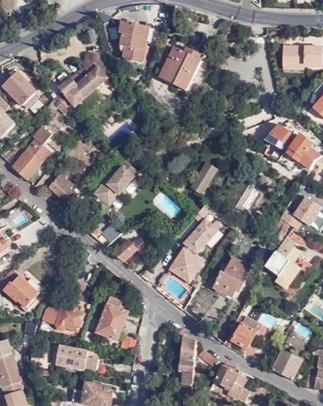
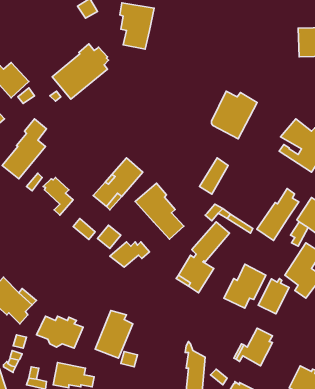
building: [161,46,202,89] -> [212,91,257,139]
building: none -> [135,183,184,239]
building: none -> [257,189,299,240]
building: none -> [258,279,289,314]

